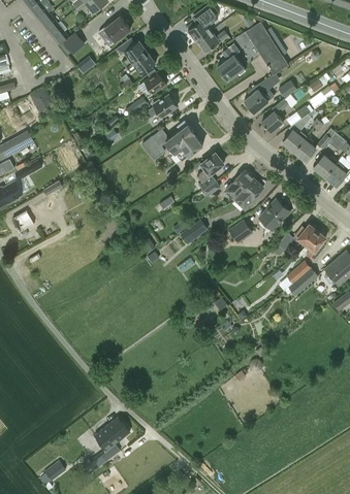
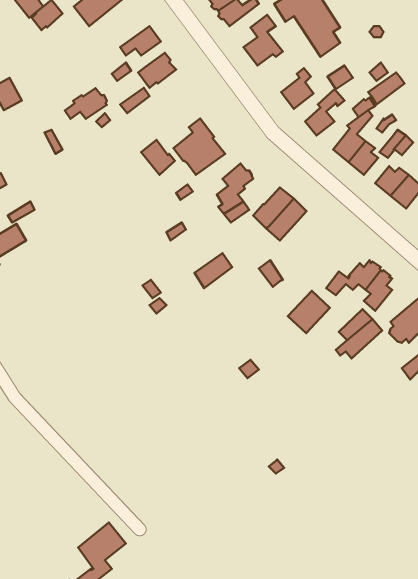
building: [116,38,148,67] -> none
building: [147,95,178,118] -> [65,88,107,119]
building: [259,199,290,230] -> [288,291,330,333]

